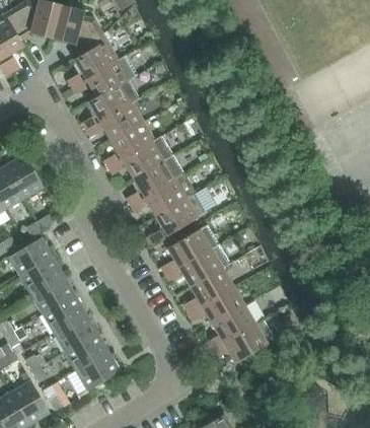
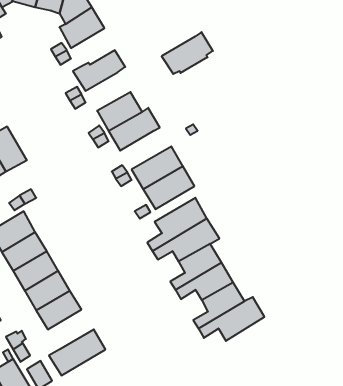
building: [87,56,137,96] -> [162,32,213,74]
building: [101,102,145,140] -> none
building: [135,156,184,197] -> none
building: [65,333,109,371] -> none

